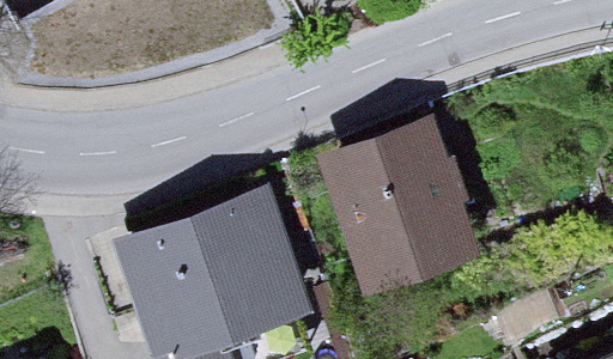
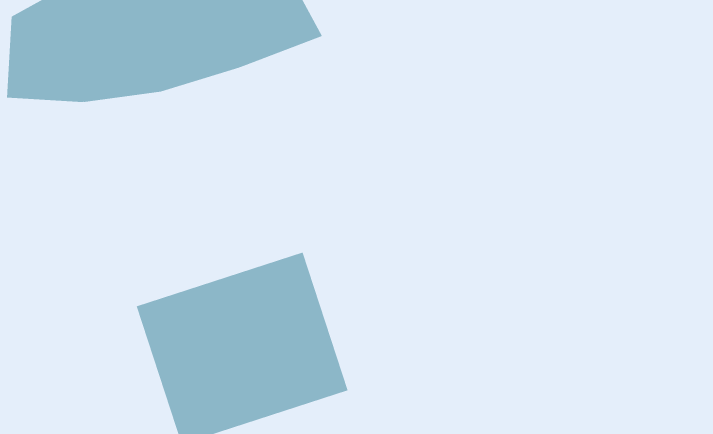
building: [327,129,465,284] -> none

